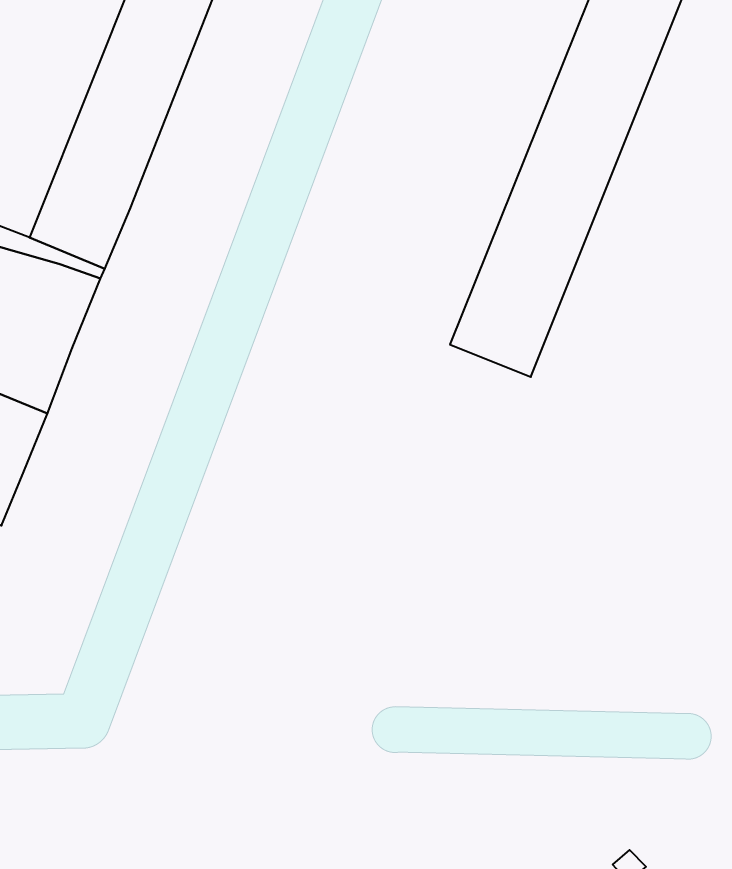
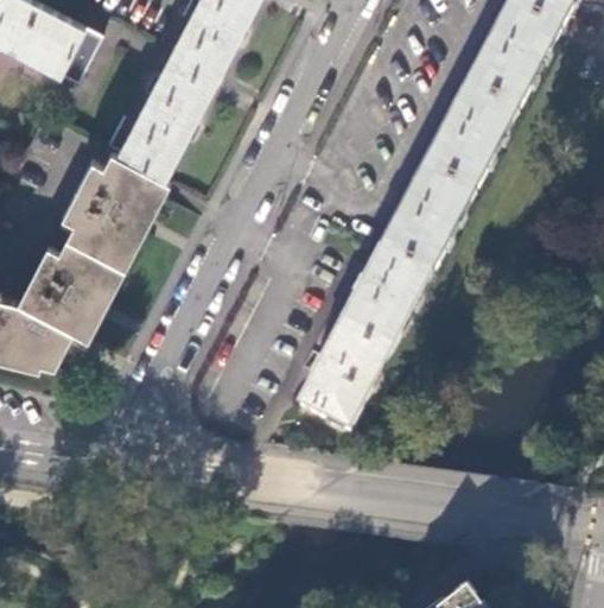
building: none -> [297,252,430,435]

